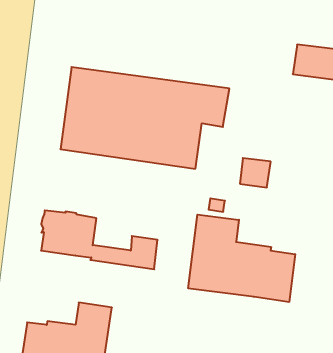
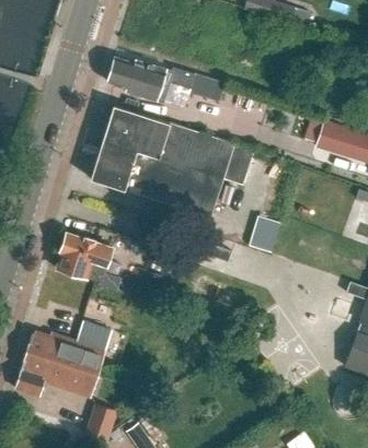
building: none -> [107,57,226,103]
building: [188,215,295,302] -> none

